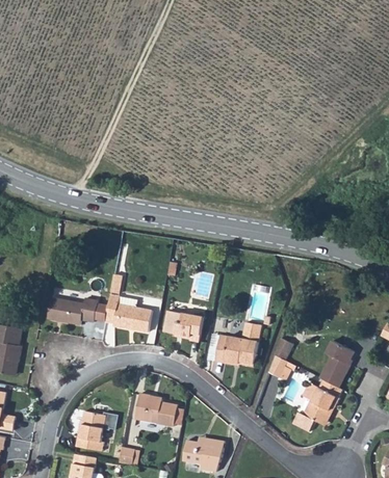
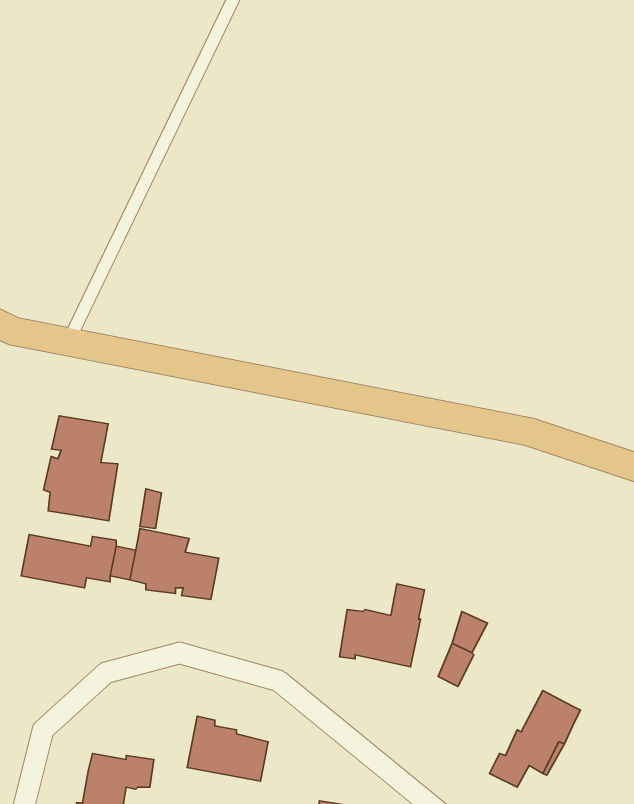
building: none -> [44,416,118,521]
building: [163,311,203,342] -> none
building: [318,340,353,388] -> none

